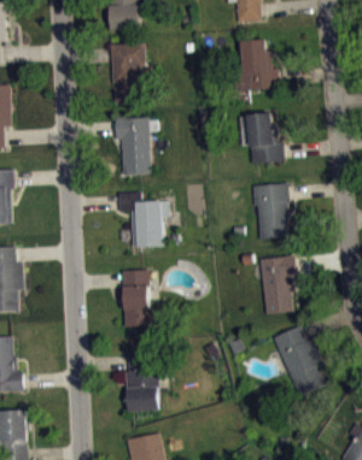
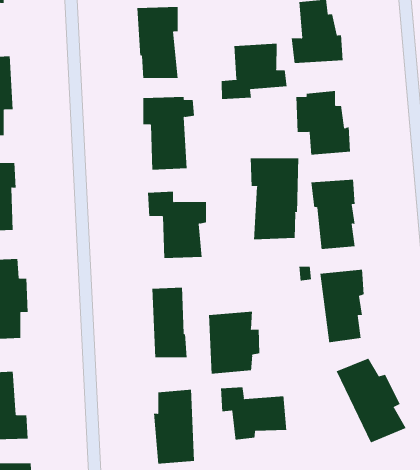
building: none -> [221,43,287,100]
building: none -> [250,157,299,240]
building: none -> [208,311,260,374]
building: none -> [220,387,287,441]

